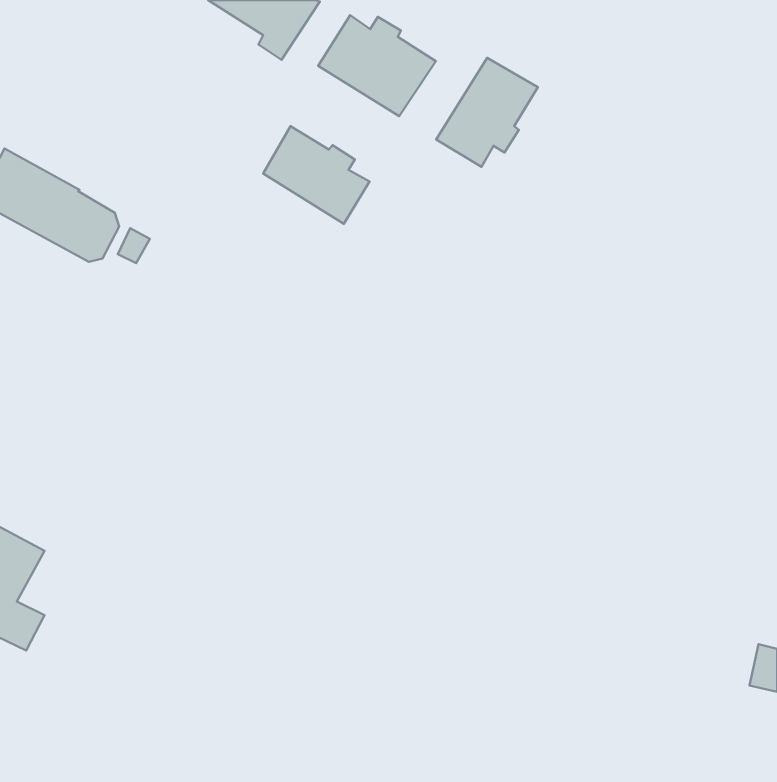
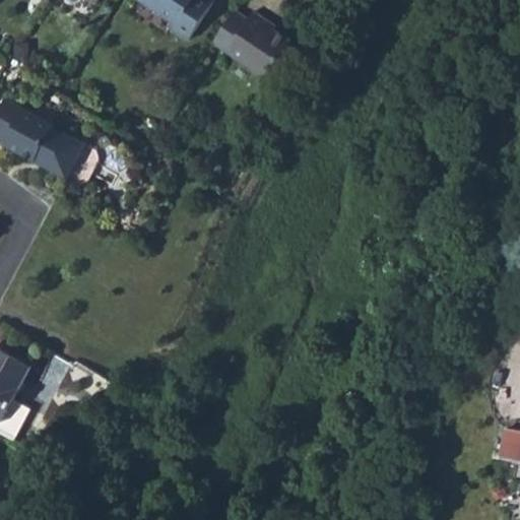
building: [436,58,538,167] -> none
building: [263,126,369,224] -> none

